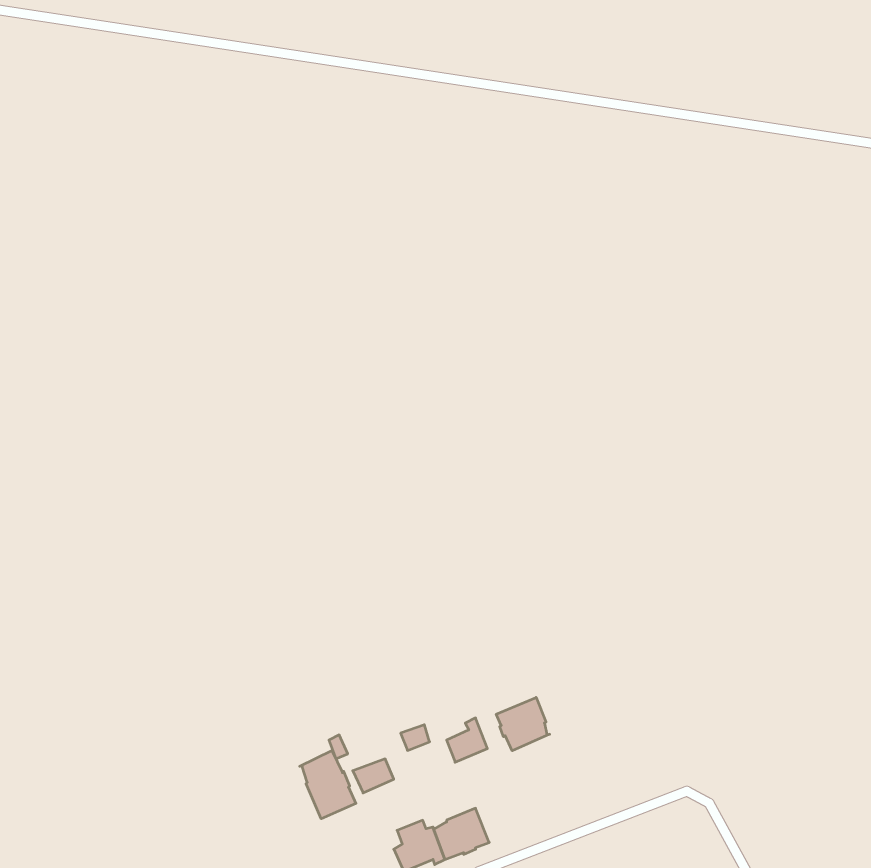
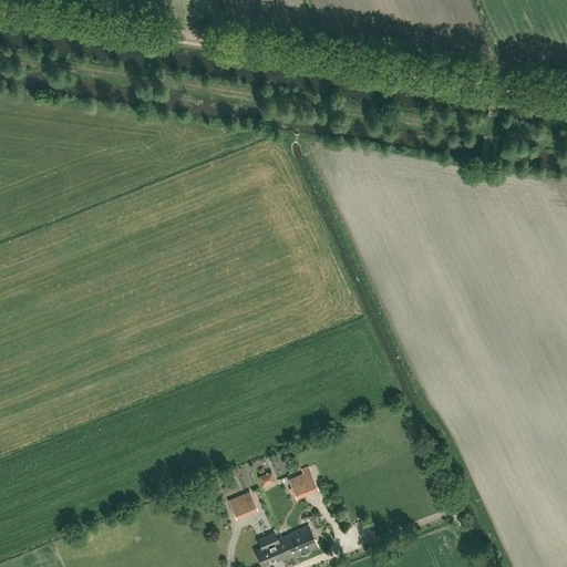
building: [496,697,550,751] -> none
building: [300,751,356,819] -> none

